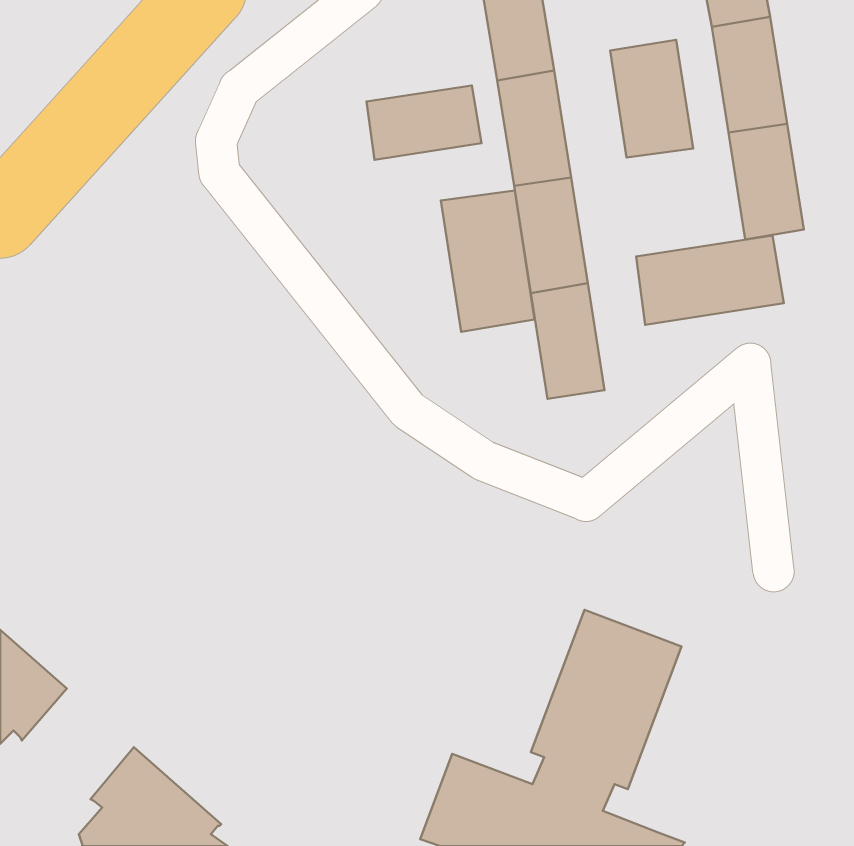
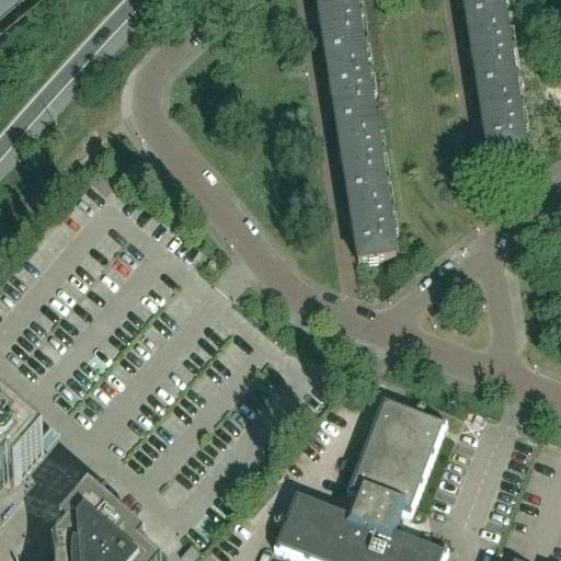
building: [610,40,693,158] -> none
building: [366,85,482,160] -> none
building: [441,190,535,332] -> none
building: [636,235,784,325] -> none

